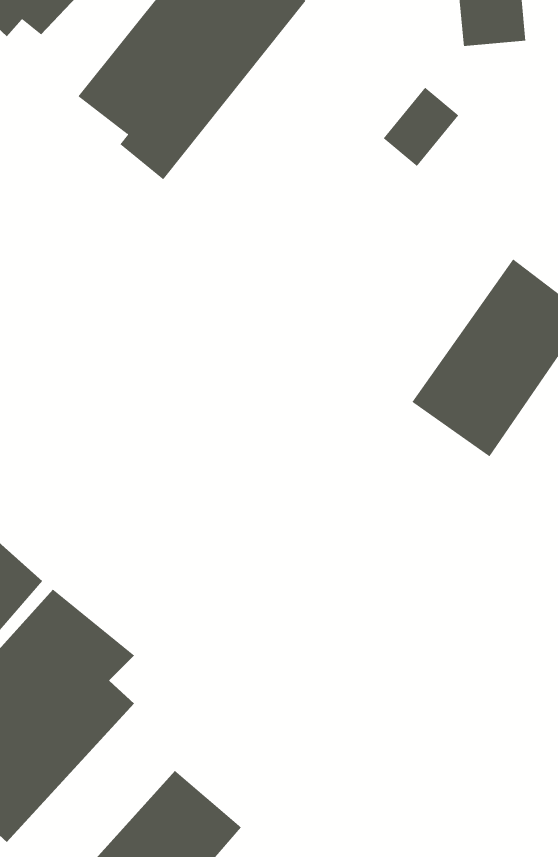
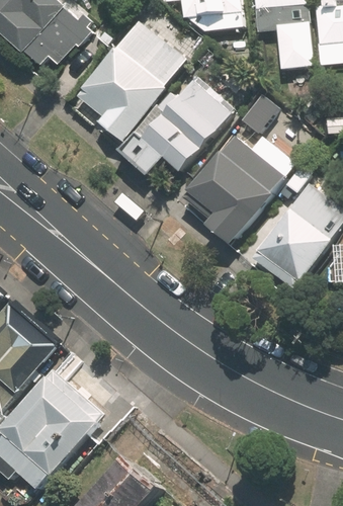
building: none -> [121,75,231,176]
building: none -> [188,135,296,245]

